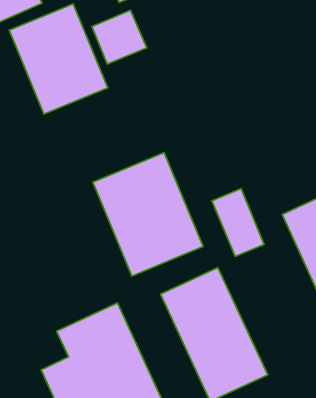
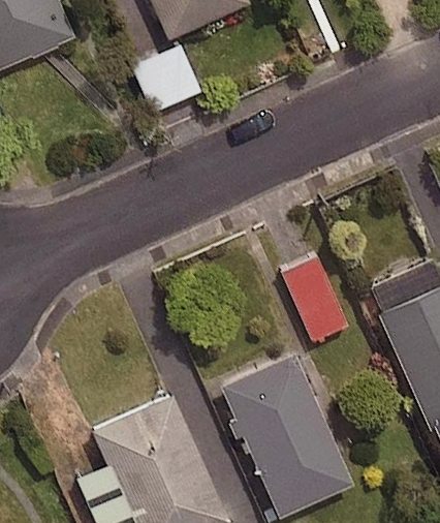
building: [9,4,108,114] -> none
building: [93,152,203,276] -> none

